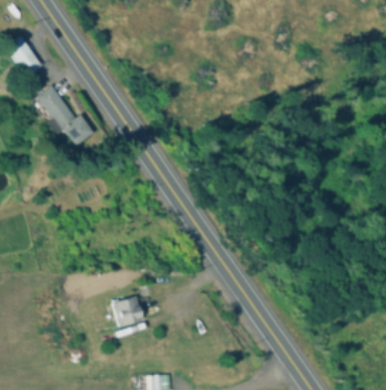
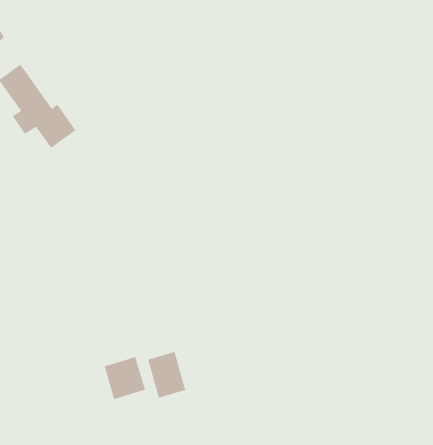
building: none -> [147,351,186,398]

